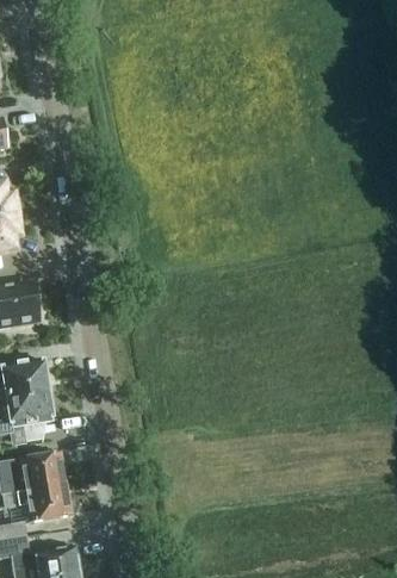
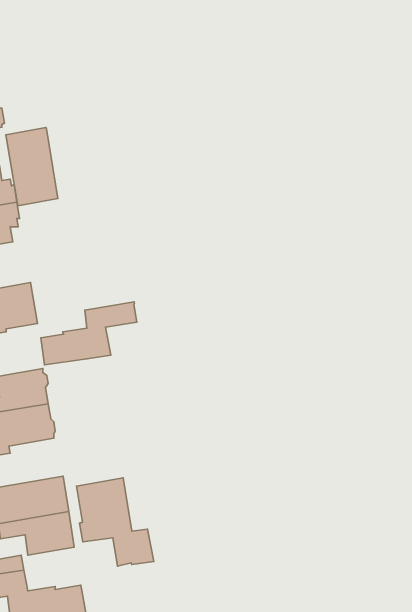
building: none -> [6,128,58,206]
building: none -> [41,302,137,365]
building: none -> [77,478,154,566]

